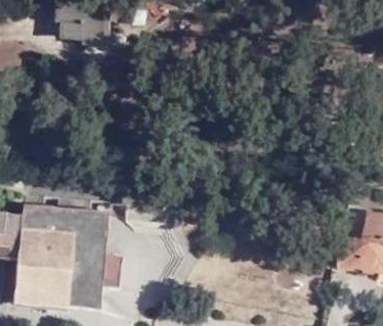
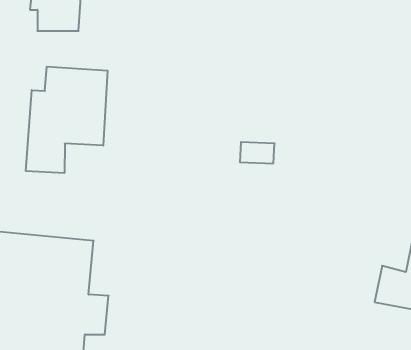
building: none -> [26,67,108,173]

